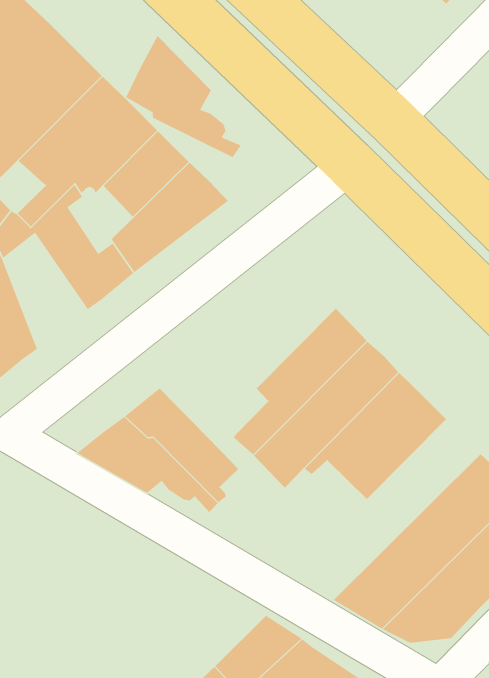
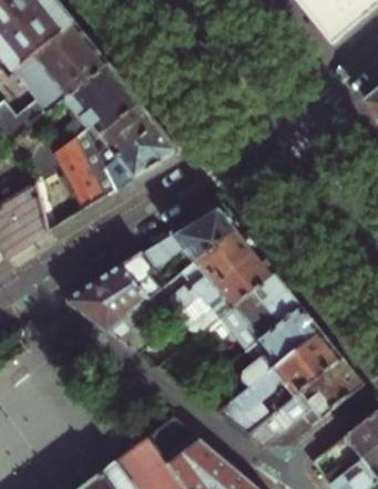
building: [125,35,242,158] -> none
building: none -> [123,205,241,300]
building: none -> [210,306,321,413]

